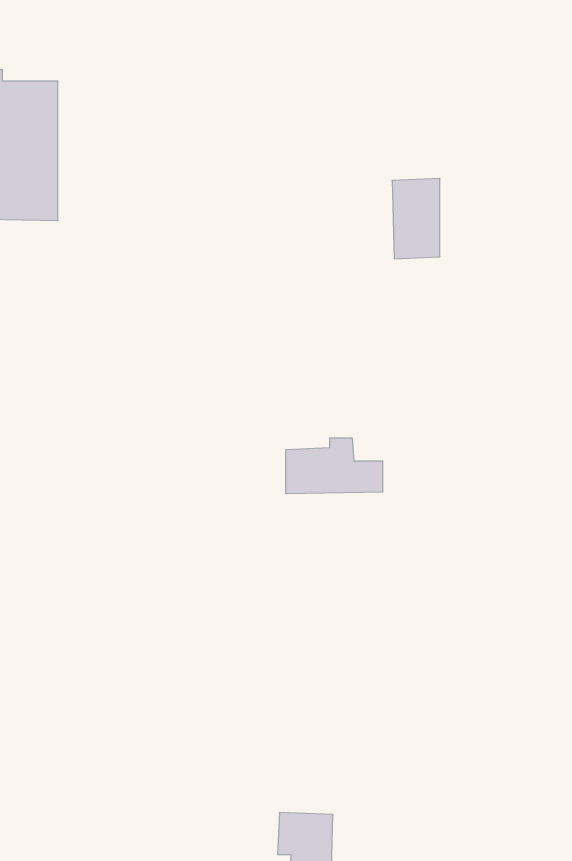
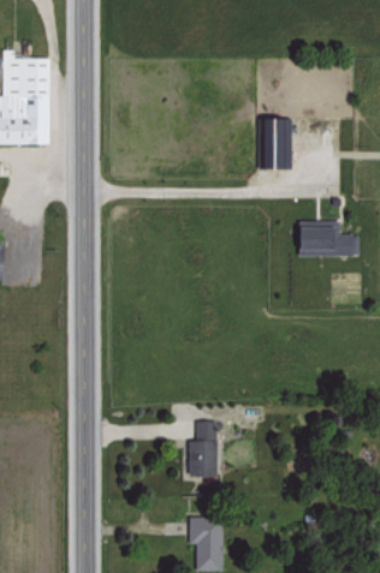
building: [286,438,383,494] -> [297,220,358,255]
building: none -> [185,420,218,478]

